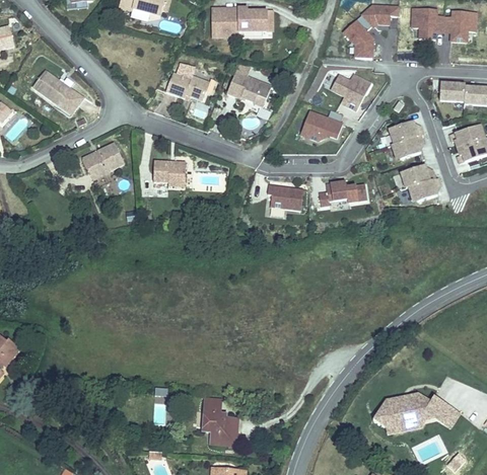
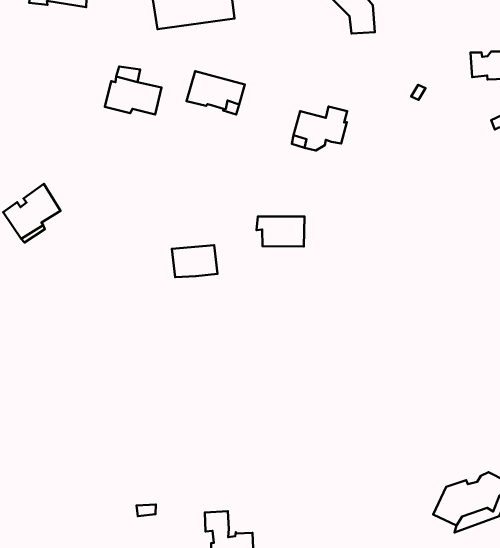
building: [330,74,370,110] -> none
building: [390,121,423,159] -> none
building: [153,160,185,182] -> [172,245,217,277]
building: [402,164,440,202] -> none
building: [319,181,367,207] -> none

